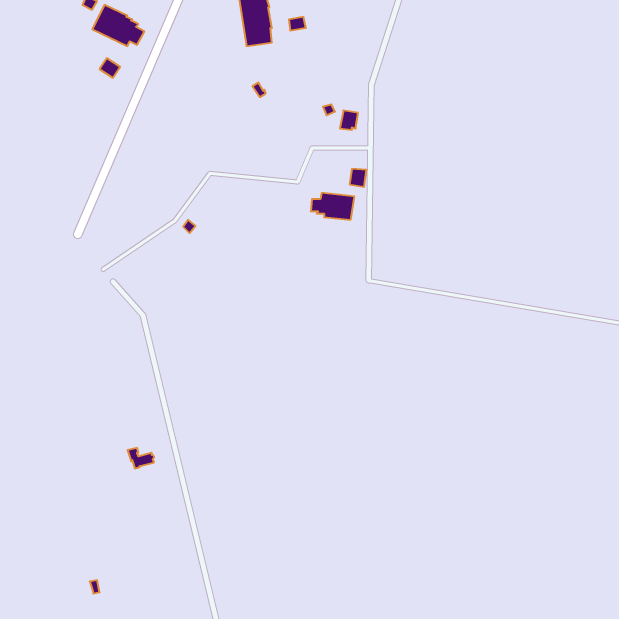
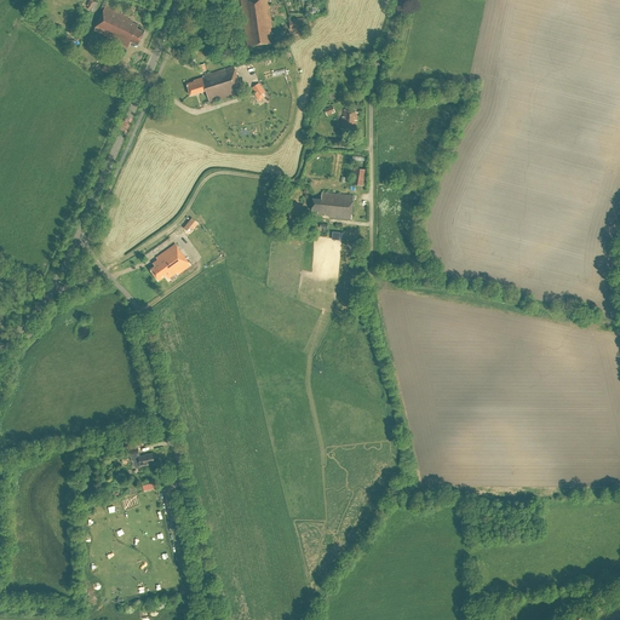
building: none -> [185,65,241,102]
building: none -> [149,243,190,281]

